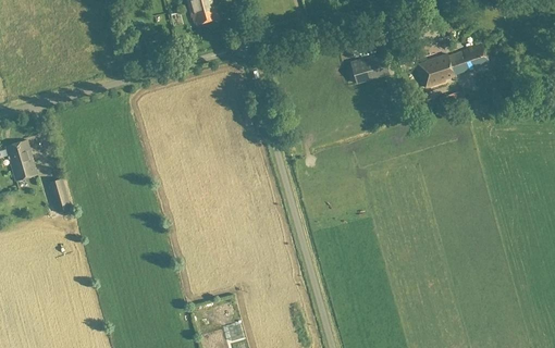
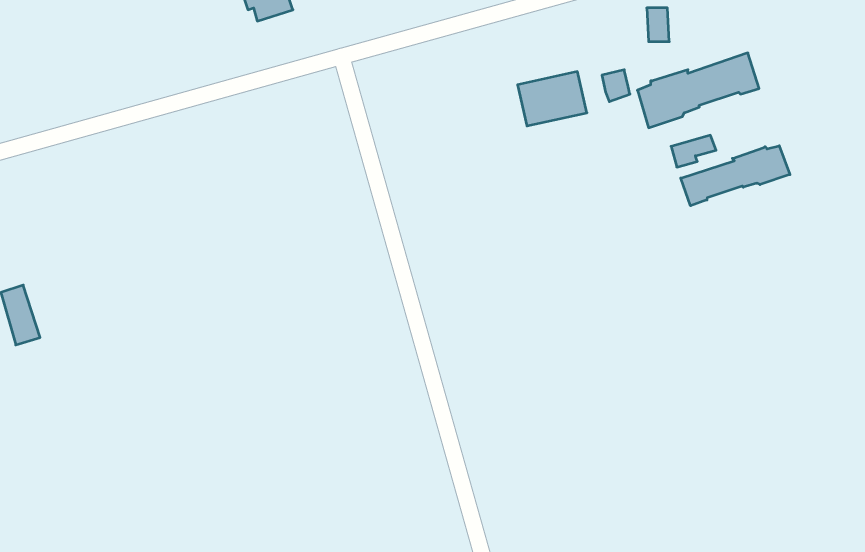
building: none -> [681,146,790,206]

